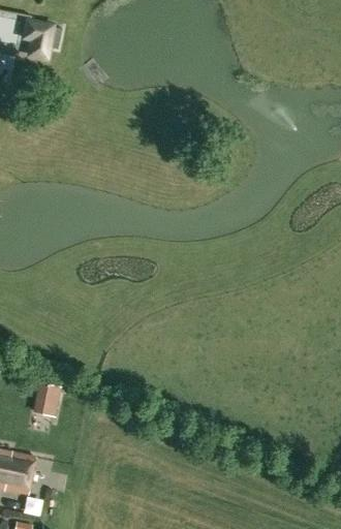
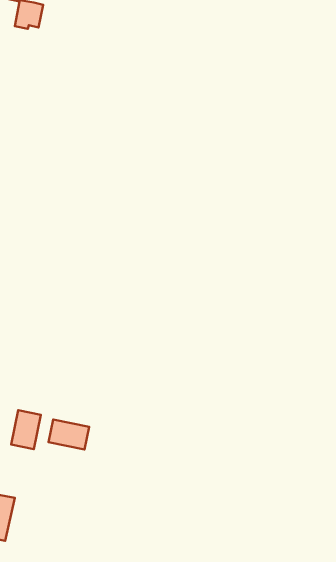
building: none -> [49,419,89,449]

